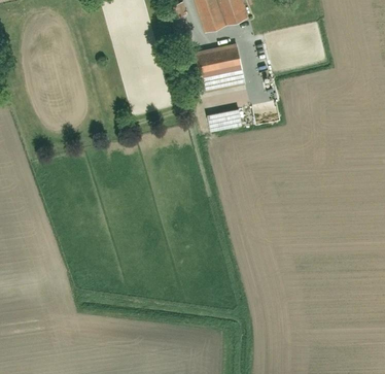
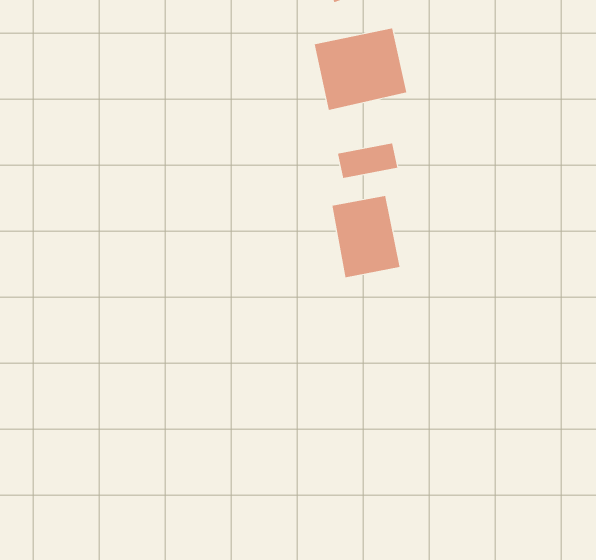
building: none -> [332,195,400,278]

